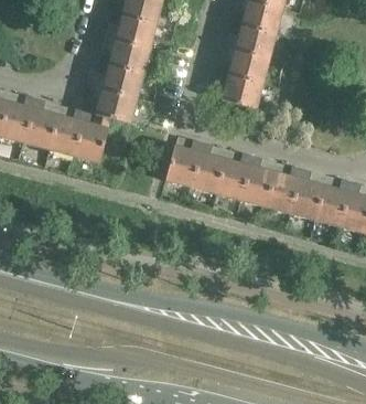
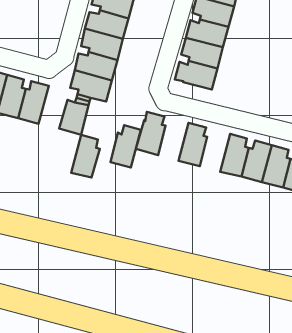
building: [50,105,84,156] -> [71,135,100,177]
building: [192,143,228,194] -> [110,125,141,168]
building: [241,157,278,208] -> none

